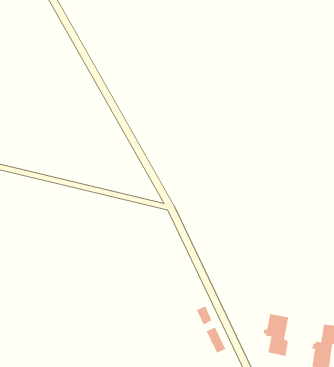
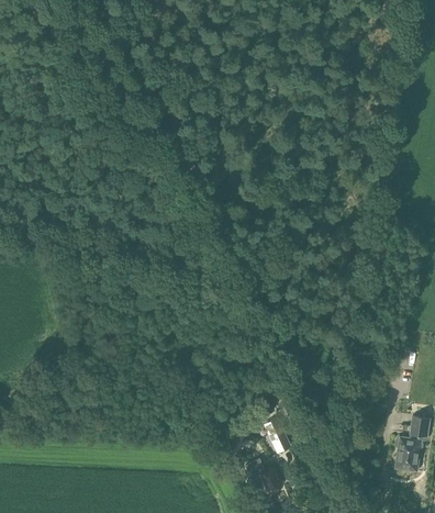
building: [263,313,289,357] -> none

